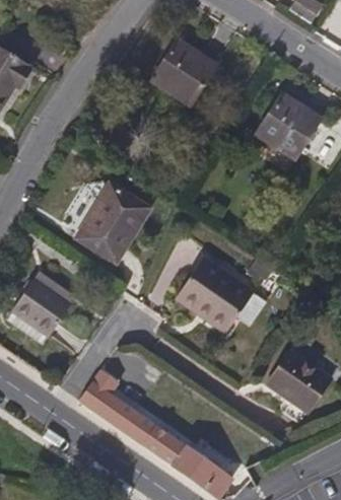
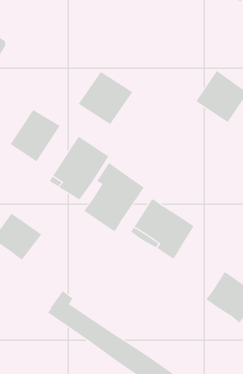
building: [146,44,213,109] -> [78,71,133,125]
building: none -> [10,109,60,162]
building: none -> [83,162,144,232]

